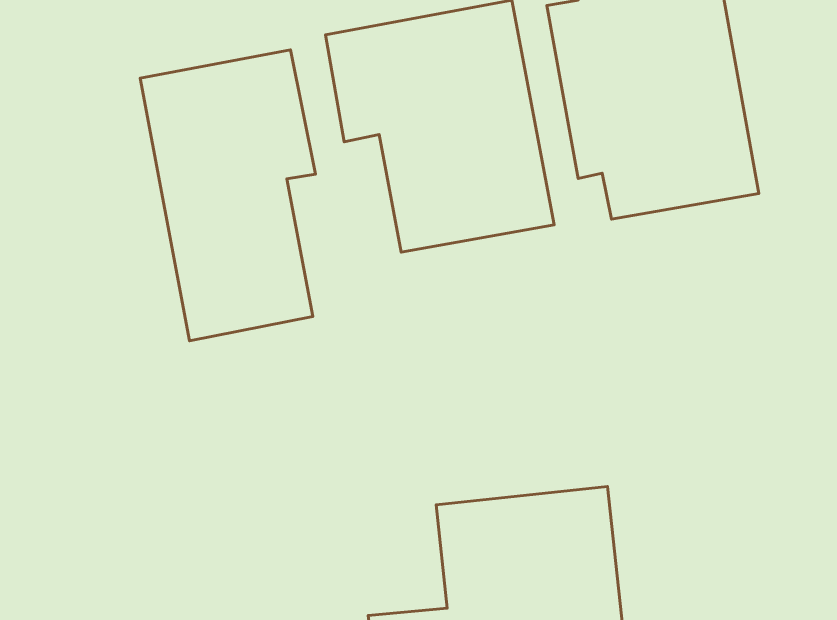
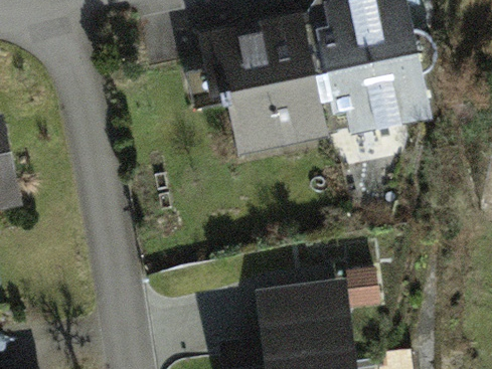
building: [140,50,315,341] -> none

